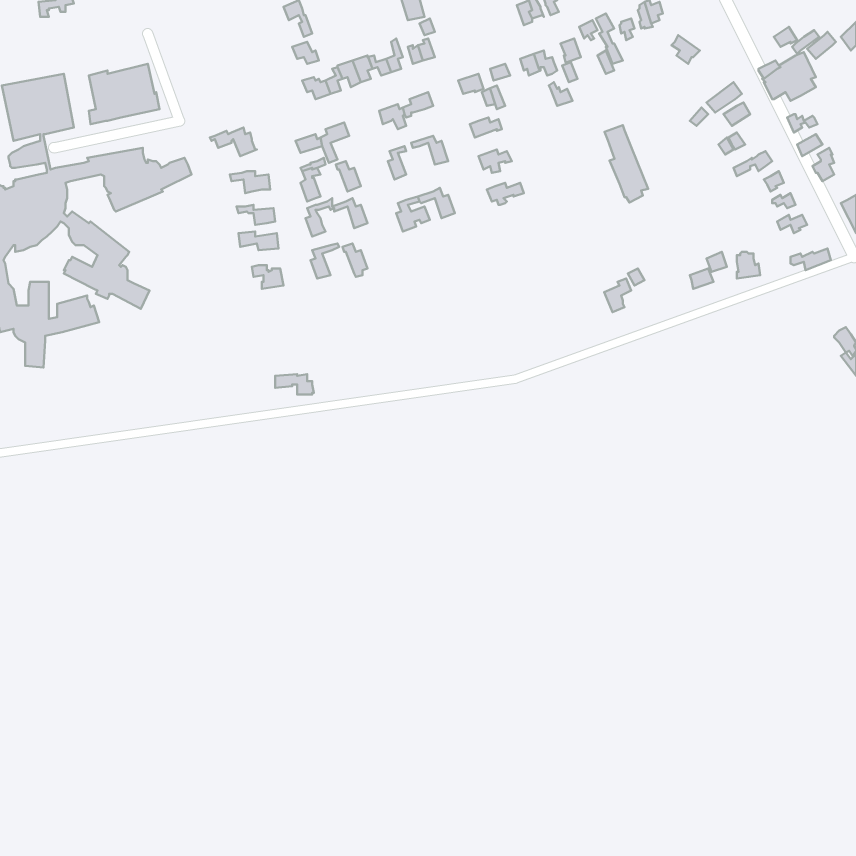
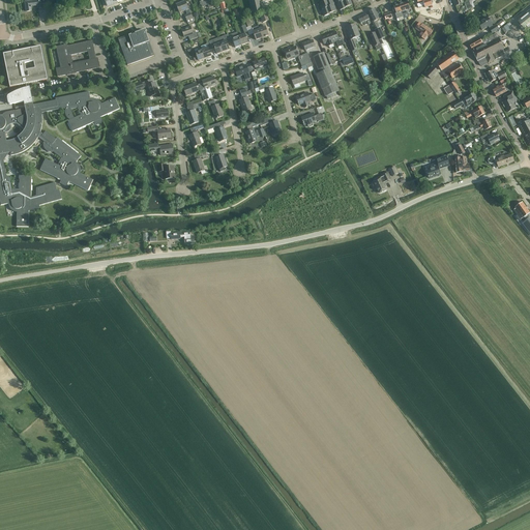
building: none -> [117,29,153,64]
building: [604,125,648,202] -> [312,52,338,99]

